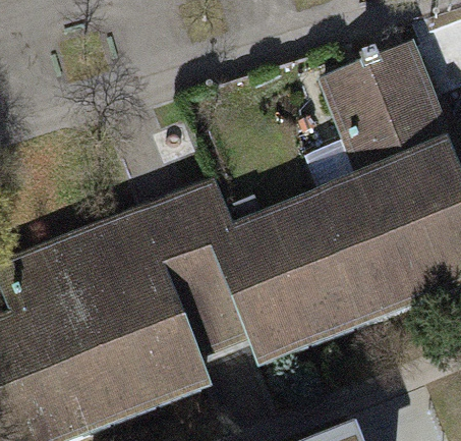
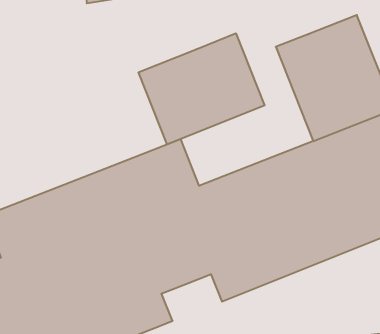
building: none -> [139,33,265,144]

